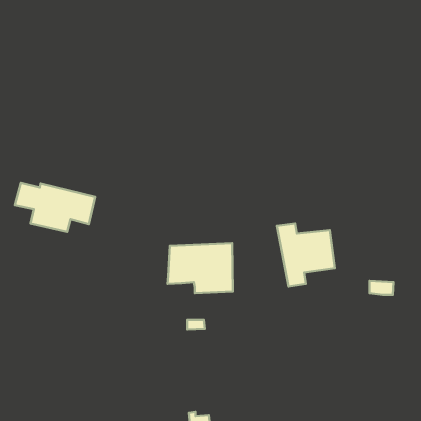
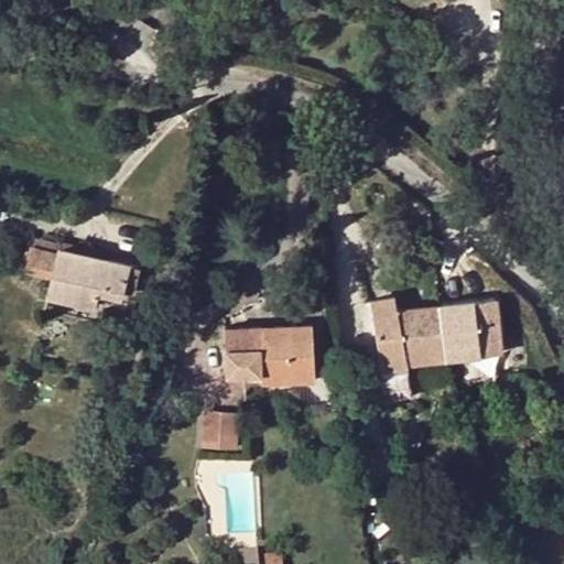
building: none -> [442,304,502,360]
building: none -> [204,413,237,449]

